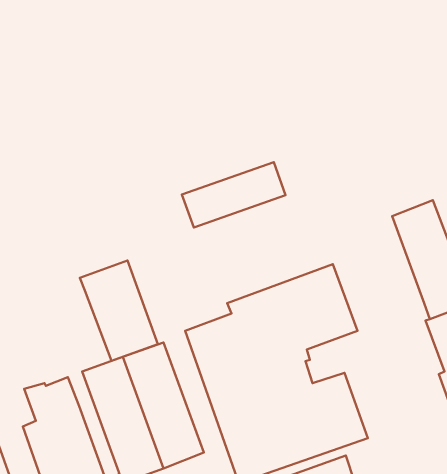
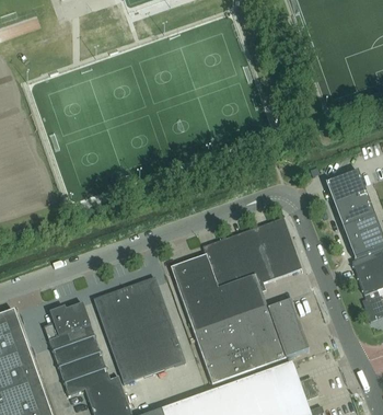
building: [182,162,286,227] -> none
building: [80,260,158,361] -> none

